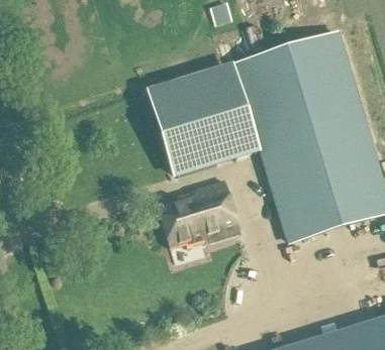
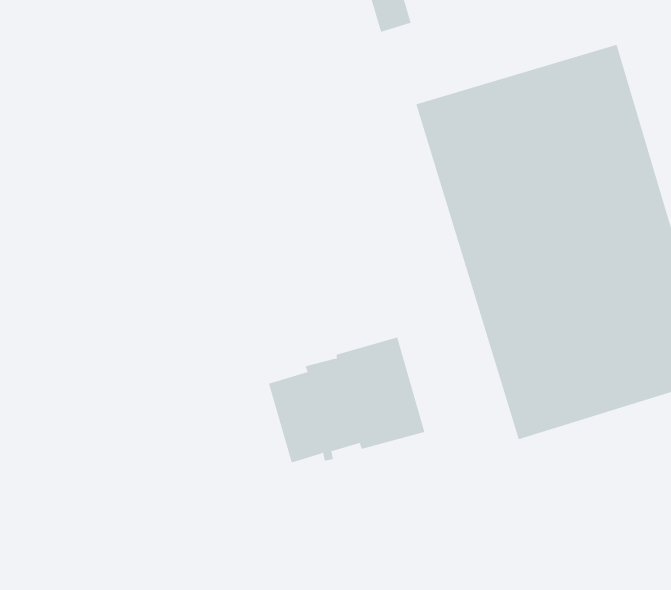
building: [150,67,254,176] -> none

